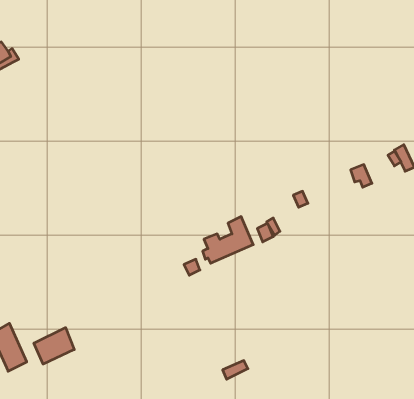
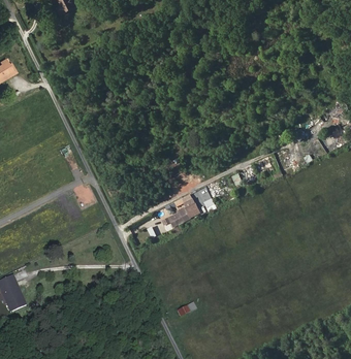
building: [34,328,74,364] -> none

